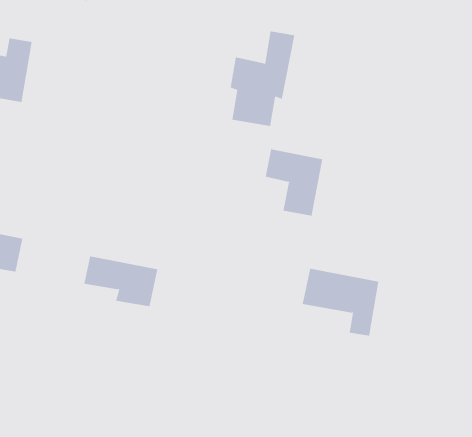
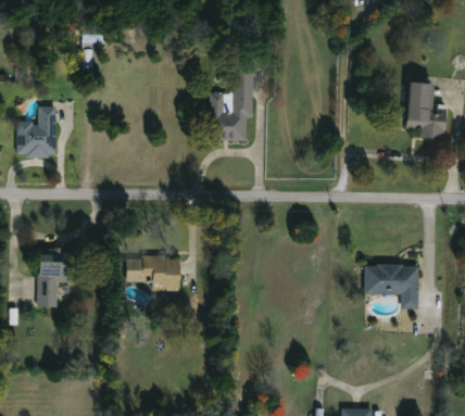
building: [265,148,323,217] -> none
building: [302,268,379,336] -> [357,265,413,308]

